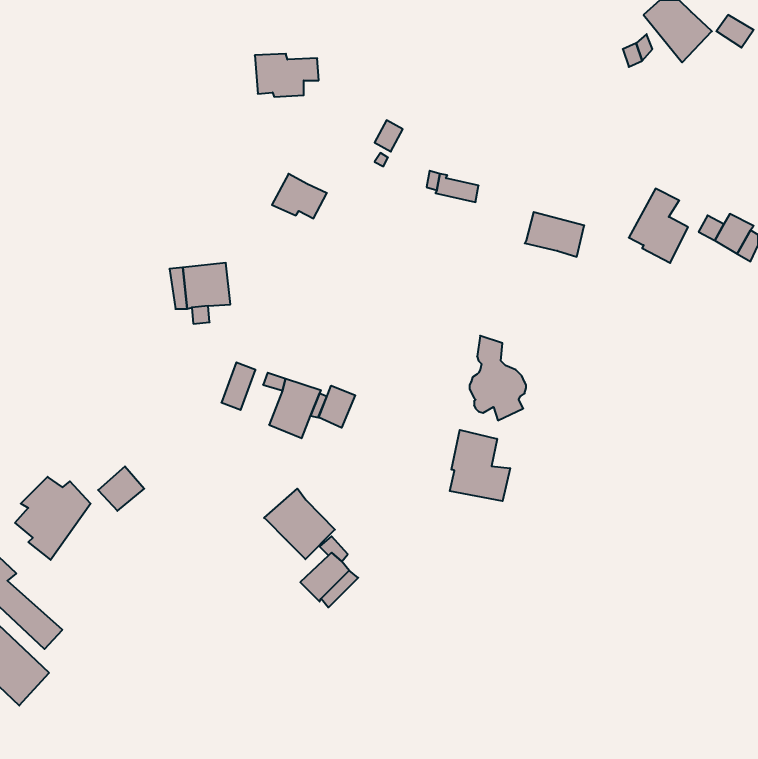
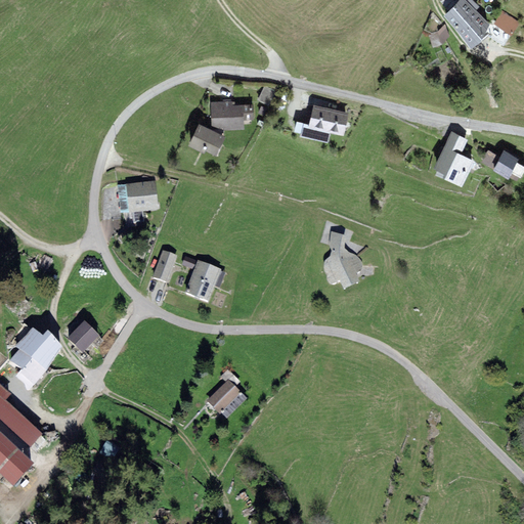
building: [255,54,319,97] -> [210,99,254,129]
building: [525,212,584,257] -> [307,101,348,132]
building: [319,386,355,428] -> none
building: [450,430,510,501] -> none
building: [264,489,335,559] -> none

